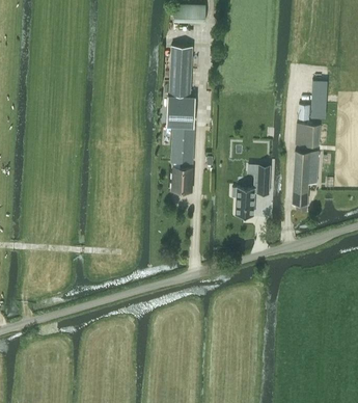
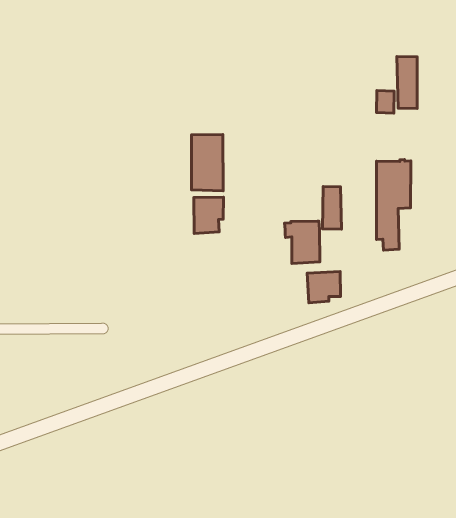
building: [168,47,194,126] -> none
building: [295,125,327,146] -> none
building: none -> [307,272,340,303]

